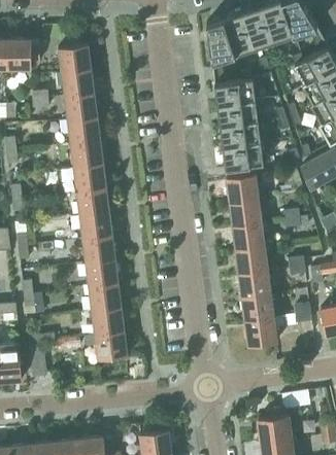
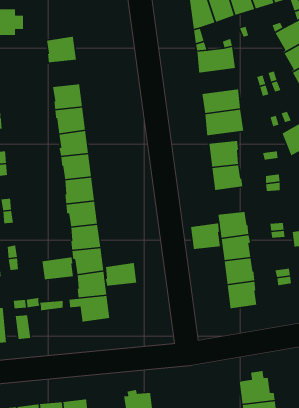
building: [58,44,90,72] -> none
building: [64,93,96,119] -> none
building: [216,101,258,127] -> none
building: [233,221,264,249] -> [190,222,221,250]
building: none -> [41,256,74,280]
building: none -> [105,262,137,287]

